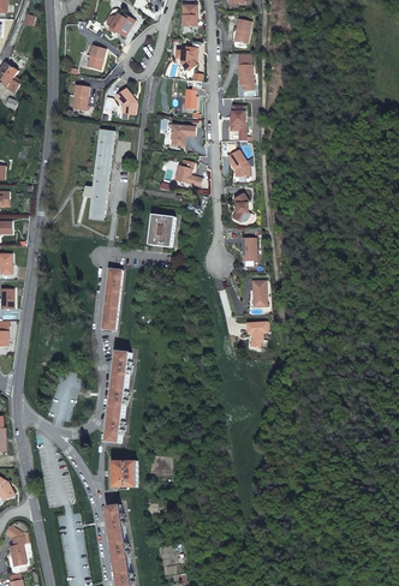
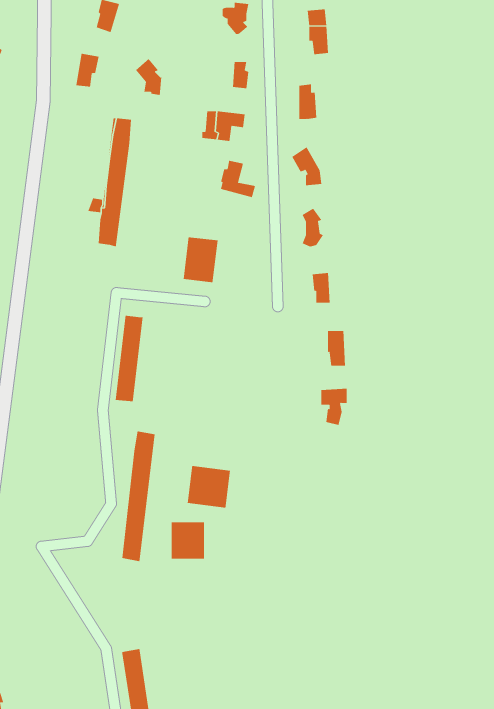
building: none -> [187,465,231,509]
building: [112,460,136,486] -> [171,522,205,559]

